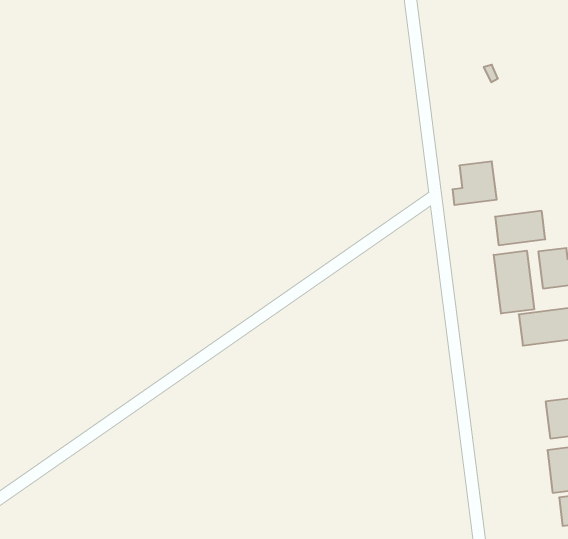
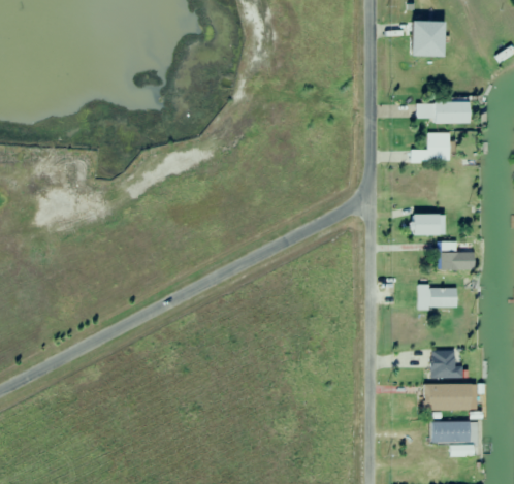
building: none -> [429,98,468,122]
building: [452,161,497,205] -> [420,133,451,161]
building: [494,251,534,314] -> none

